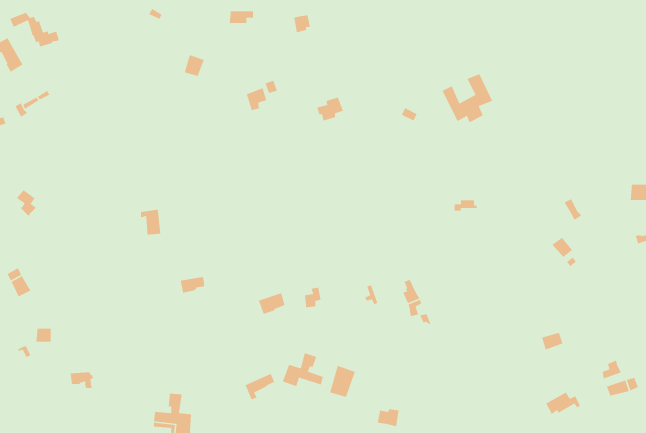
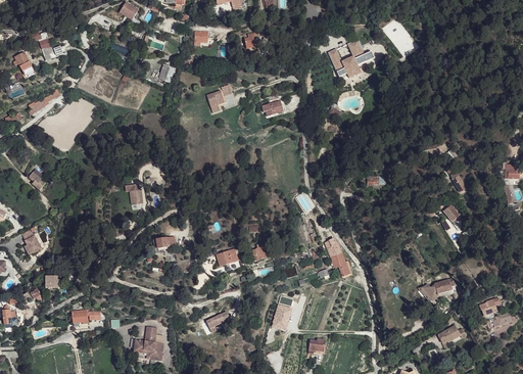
building: [441,73,493,124] -> [328,39,368,78]
building: [282,352,324,387] -> none

